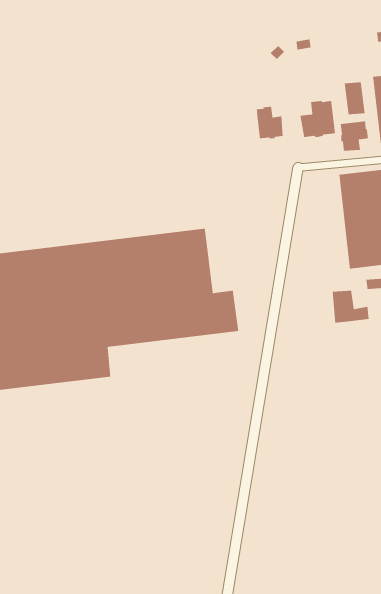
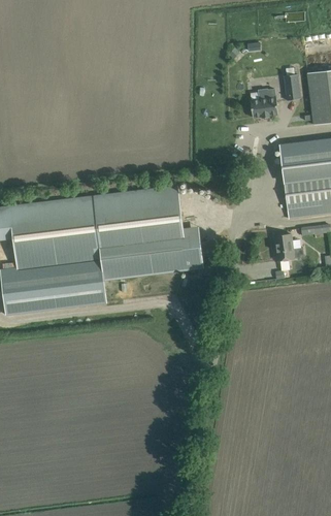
building: [256,106,284,140] -> none
building: [340,120,369,152] -> none

